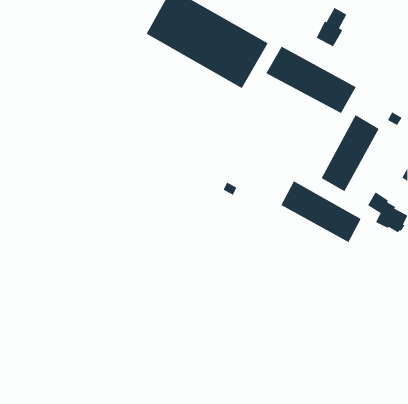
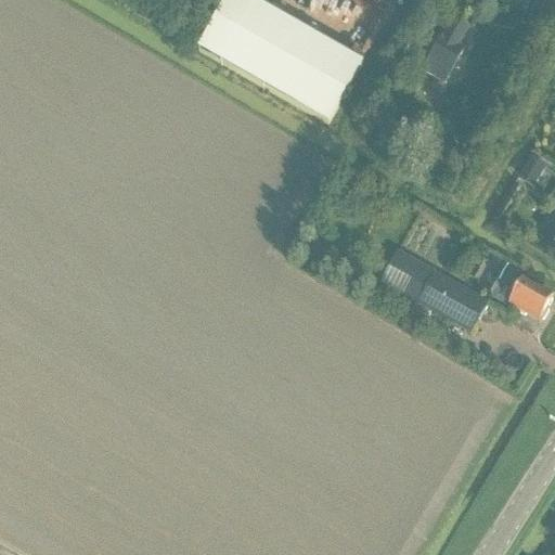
building: [266,46,356,114] -> none
building: [321,114,380,192] -> none

